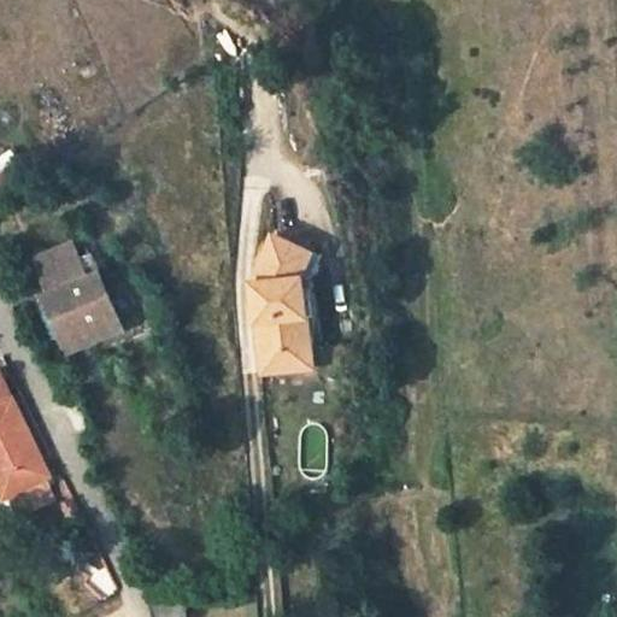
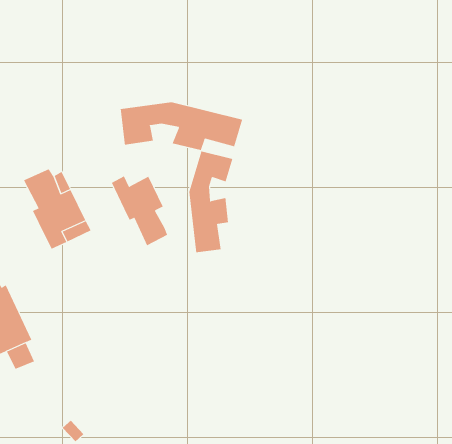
building: none -> [120,102,243,151]
building: none -> [111,176,168,246]

